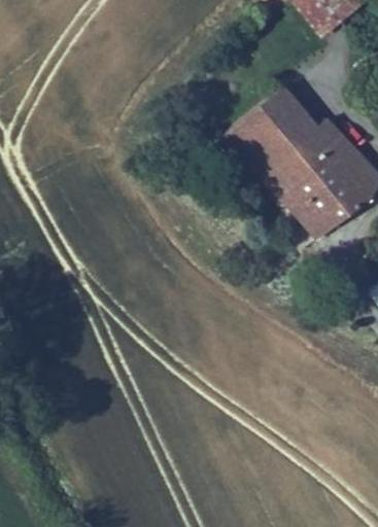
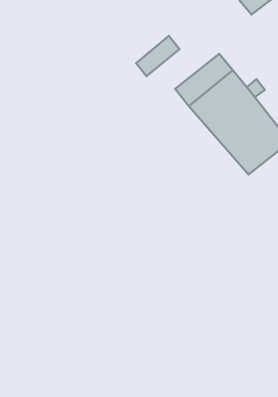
building: none -> [136,36,180,76]

